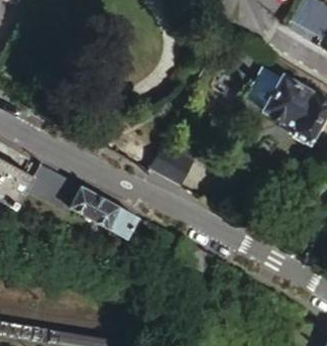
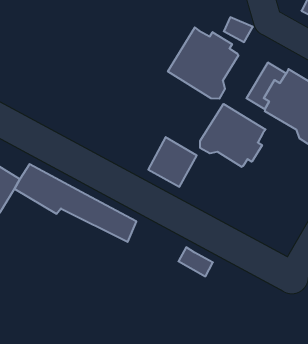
building: none -> [168,27,238,99]
building: none -> [200,104,266,167]

